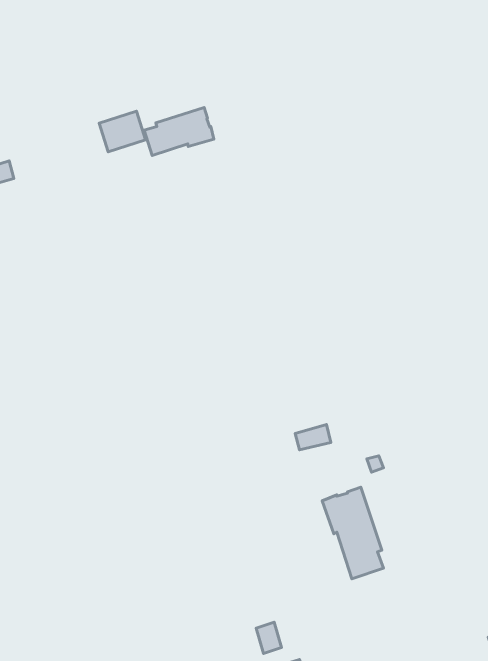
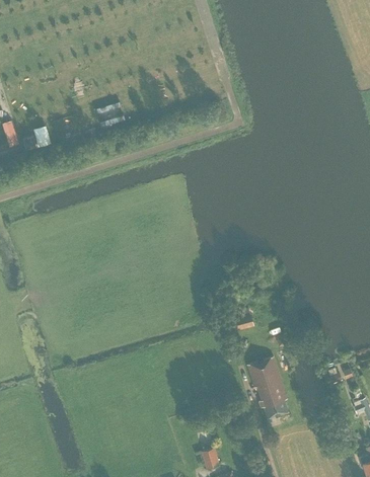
building: [144,107,214,156] -> none

